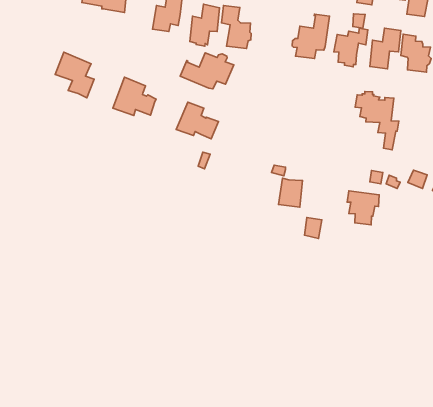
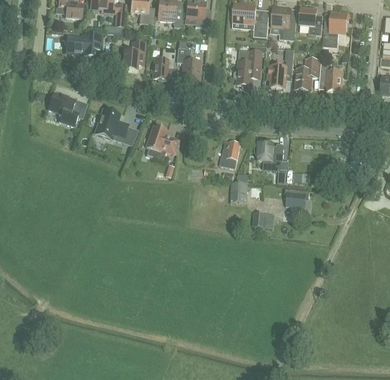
building: [180,53,234,89] -> none
building: [355,91,399,150] -> [254,139,289,184]
building: none -> [220,140,240,168]

